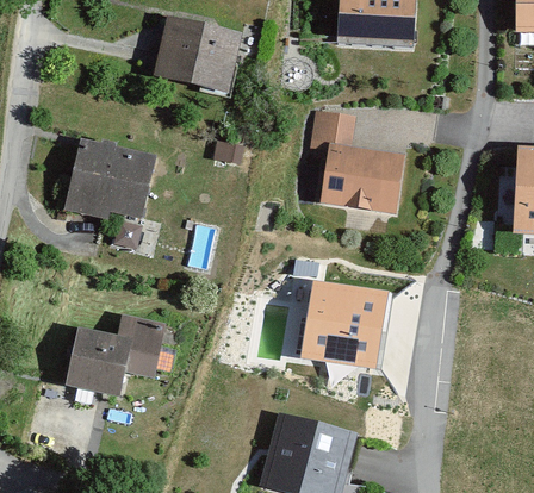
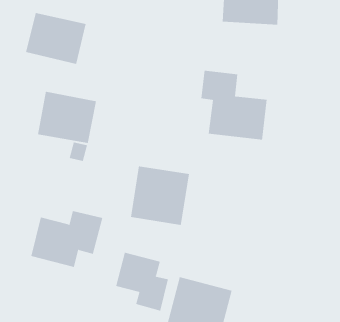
building: [157,15,247,92] -> [25,12,87,65]
building: [299,280,386,367] -> [130,166,190,225]
building: none -> [115,252,169,311]

